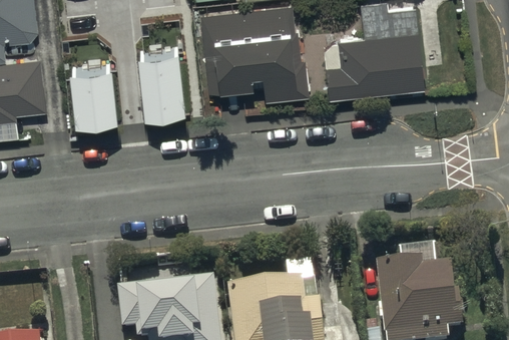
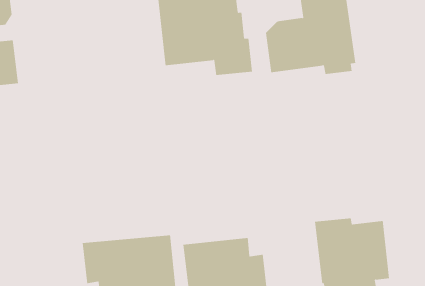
building: [138,53,183,123] -> none
building: [70,68,115,131] -> none

